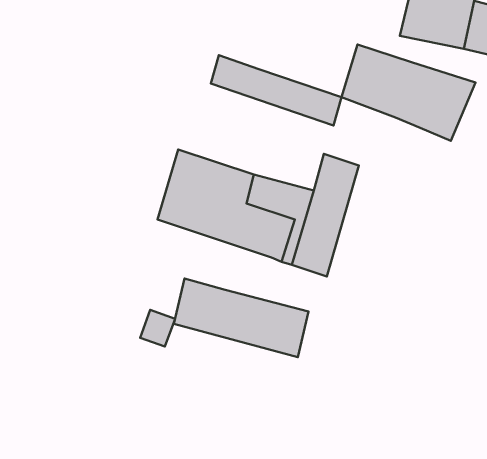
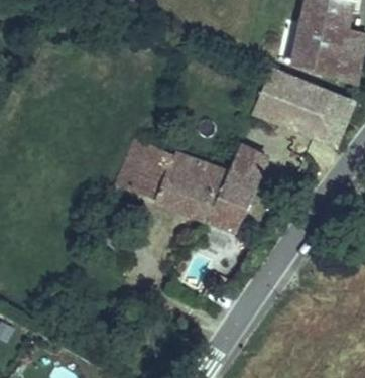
building: [211,55,341,125] -> none
building: [174,278,309,357] -> none

